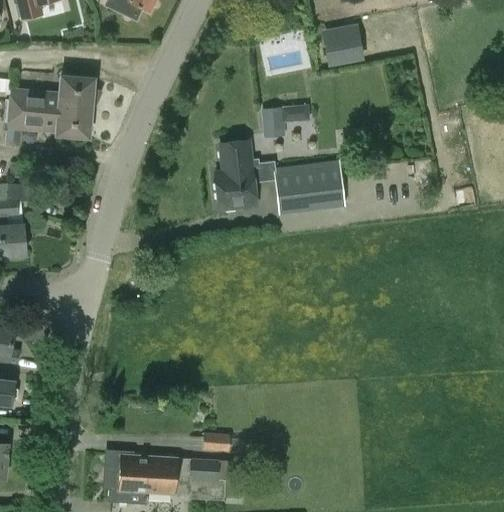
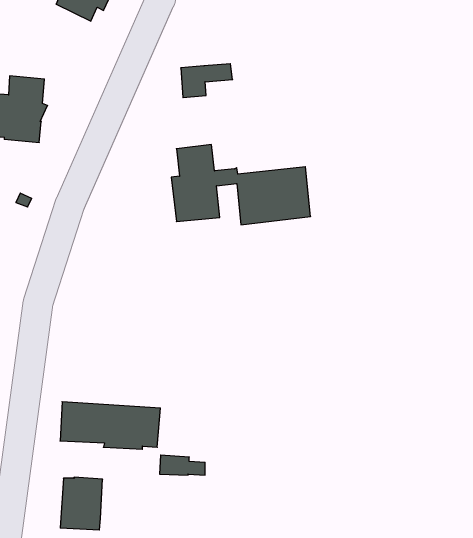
building: [321,23,363,66] -> none
building: [260,105,309,137] -> [181,64,233,98]
building: [145,455,240,500] -> [60,402,160,449]

